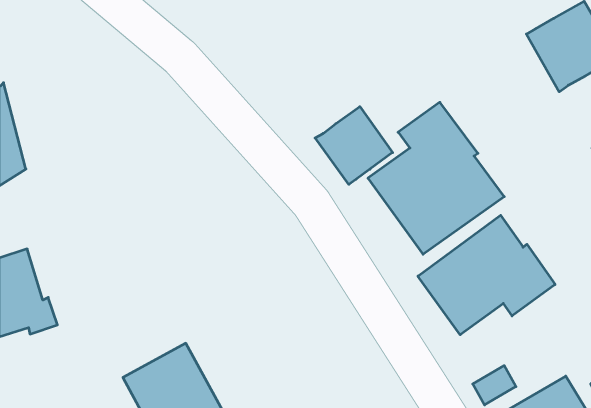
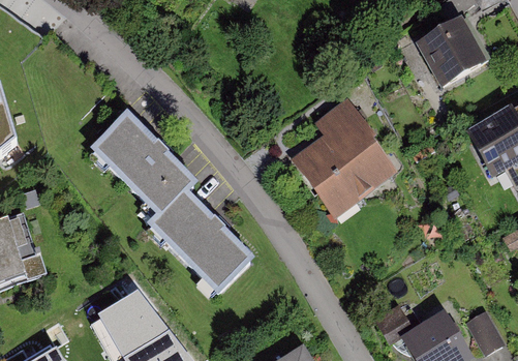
building: [315,107,393,184] -> none
building: none -> [90,112,255,296]
building: [418,215,555,335] -> none

